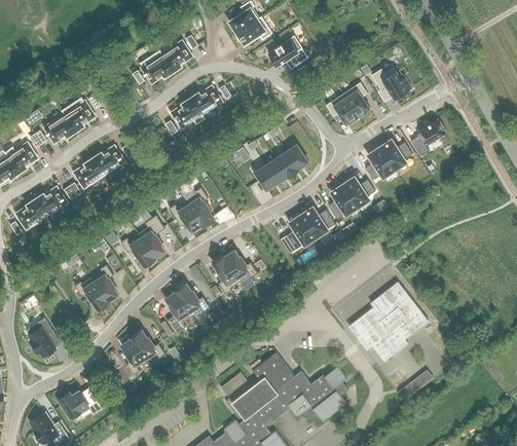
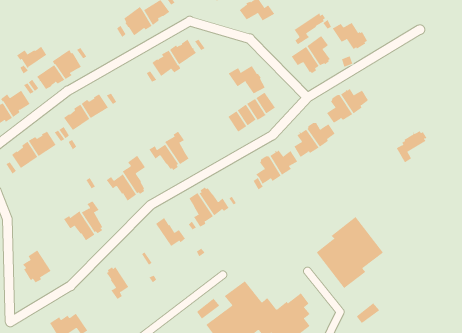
building: none -> [294,12,326,45]
building: none -> [16,46,47,69]
building: none -> [228,65,266,94]
building: [410,121,445,157] -> [396,131,428,163]
building: [165,291,192,334] -> none
building: [131,331,164,361] -> none

